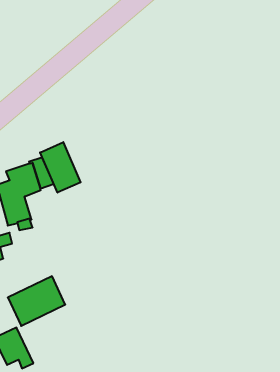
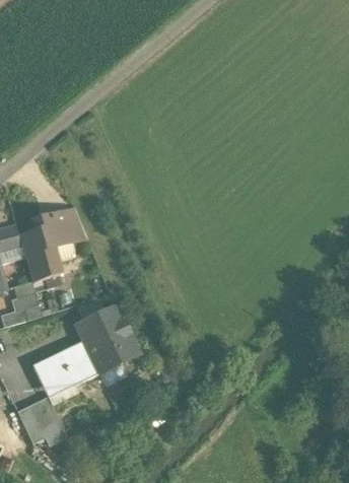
building: [40,142,81,193] -> none
building: none -> [83,305,138,371]

